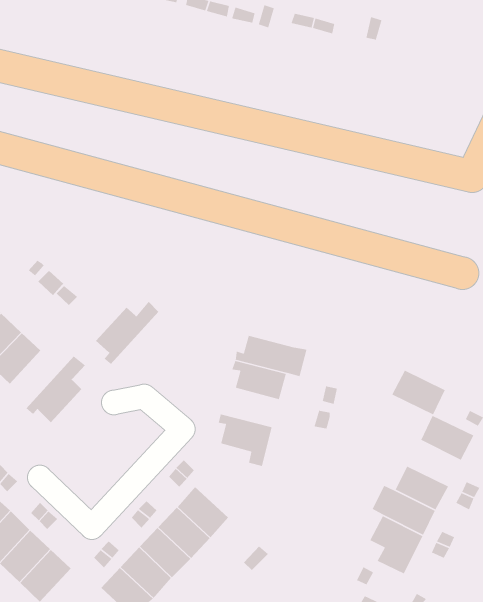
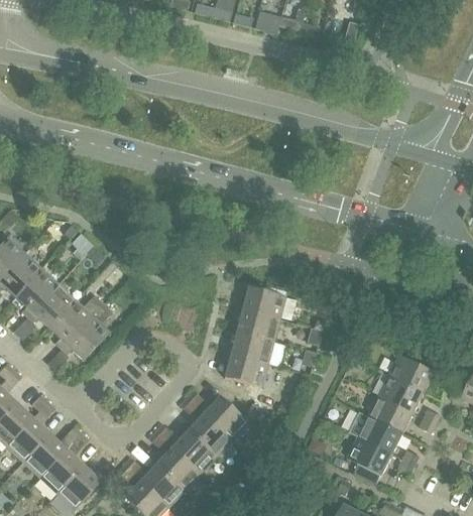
building: [95,301,159,365] -> [48,294,102,348]
building: [391,369,446,415] -> [379,374,425,412]
building: none -> [224,331,273,363]
building: none -> [203,395,247,438]

